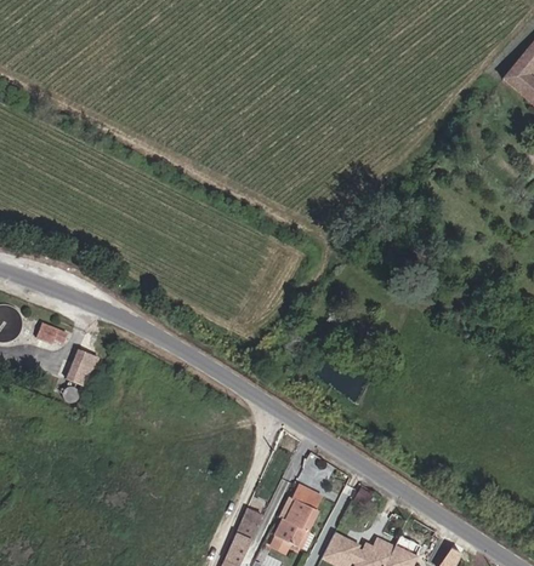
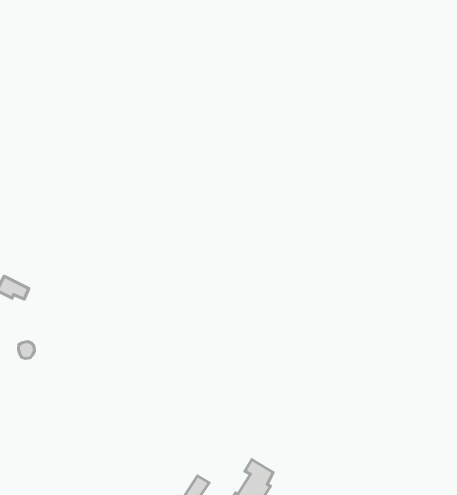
building: [64,353,95,390] -> none

